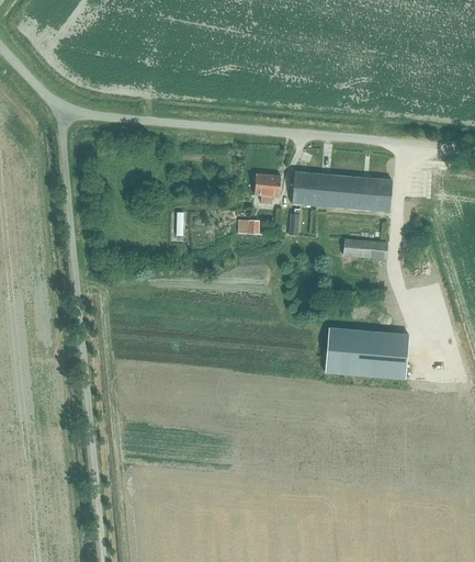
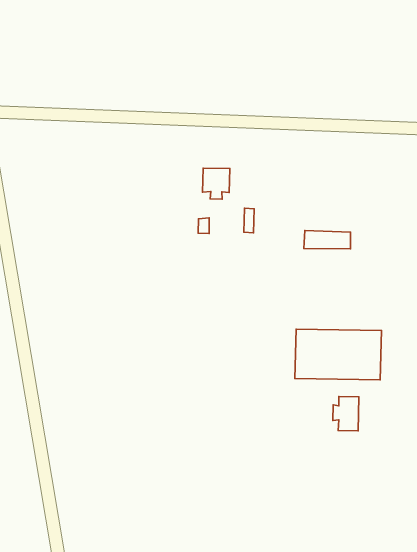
building: [291,171,391,212] -> none
building: none -> [333,396,359,431]

